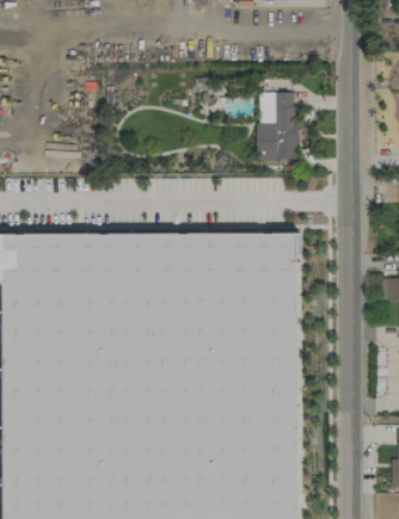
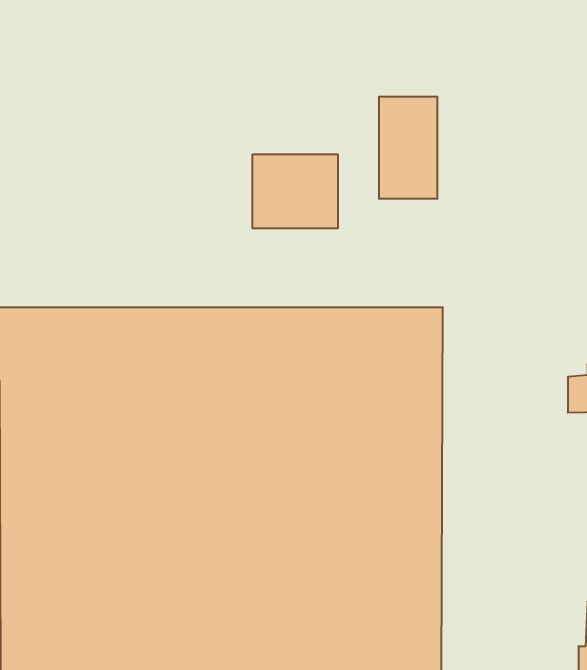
building: none -> [253,154,338,228]

